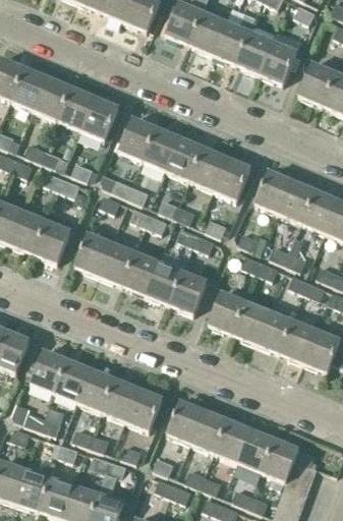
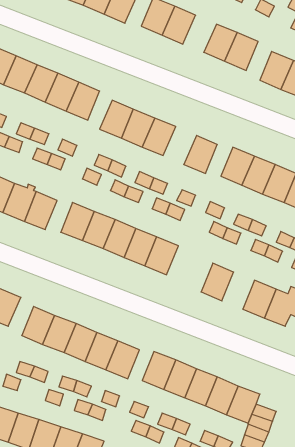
building: [212,12,255,64] -> none
building: [189,148,227,190] -> none
building: [208,292,245,334] -> none
building: [255,311,292,353] -> none

